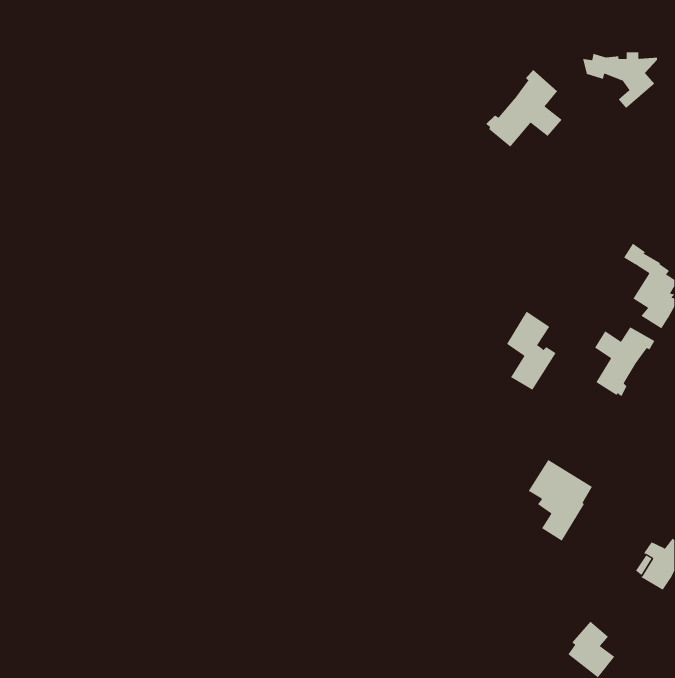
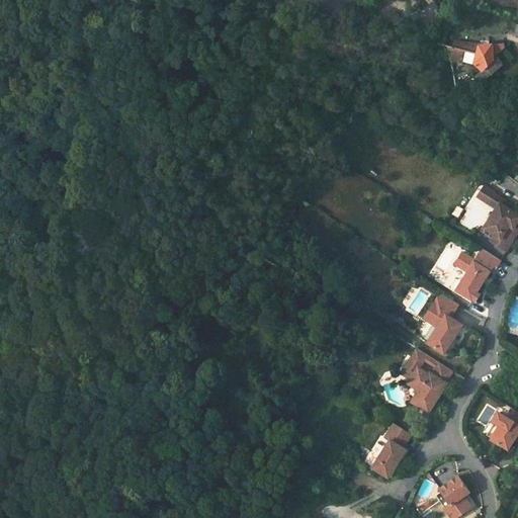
building: [485,69,562,148] -> none
building: [506,311,557,390] -> [423,292,461,353]
building: none -> [370,424,411,469]

